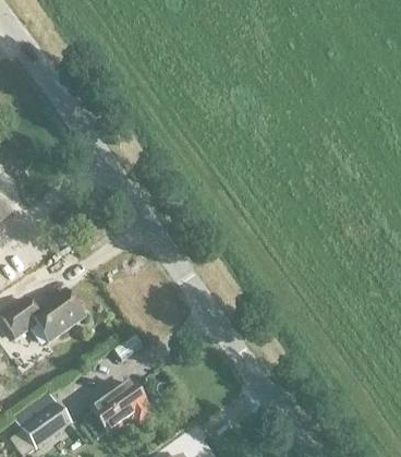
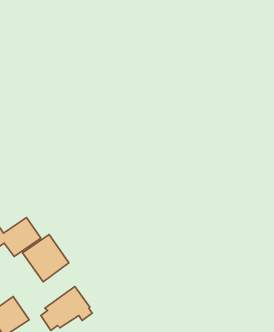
building: none -> [23,234,69,282]

